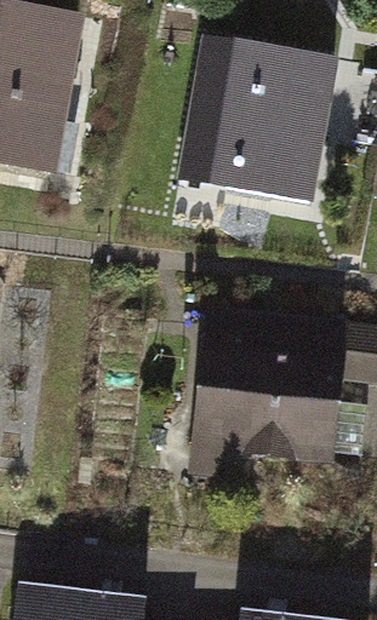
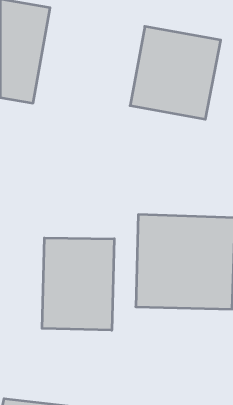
building: none -> [42,238,114,330]

